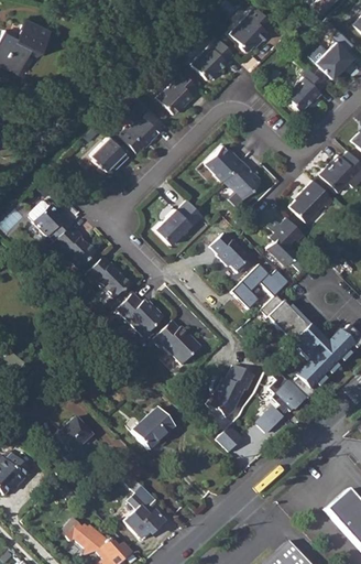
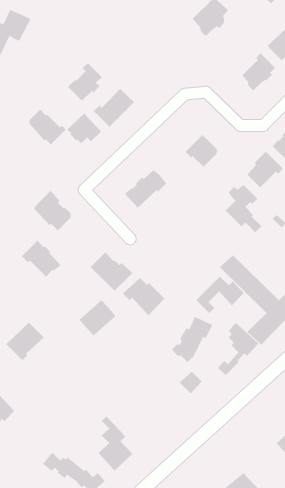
building: [193,37,234,79] -> none
building: [158,70,198,115] -> [67,62,102,102]
building: [206,145,243,181] -> none
building: [30,202,73,241] -> [28,110,67,145]
building: [211,234,251,274] -> none
building: [86,257,131,300] -> [21,240,61,278]
building: [237,262,292,305] -> [196,276,244,314]
building: [133,409,176,451] -> [78,299,117,336]
building: [51,416,95,460] -> [5,322,45,361]

